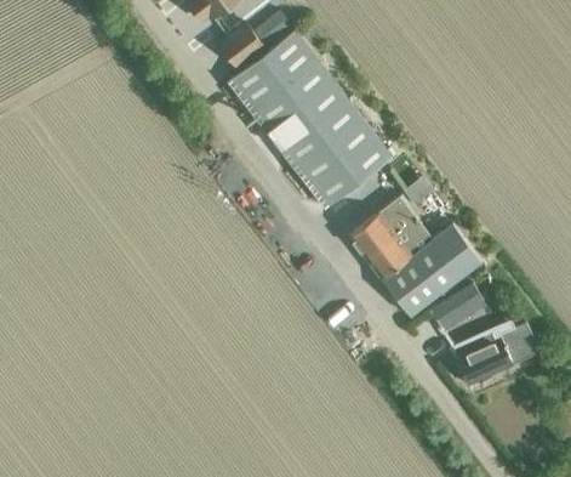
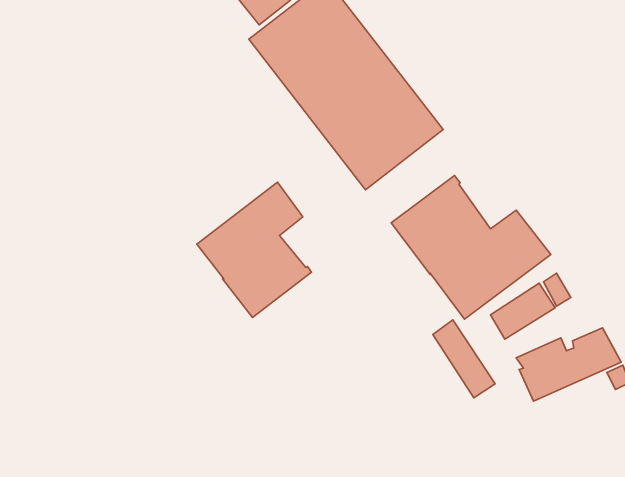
building: none -> [197,182,312,318]
building: none -> [433,320,495,398]

